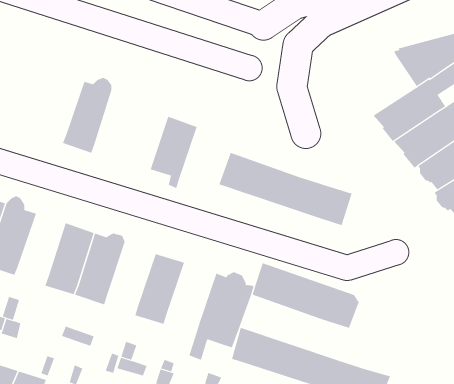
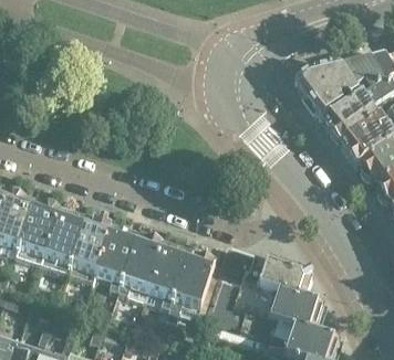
building: none -> [296,66,360,121]
building: [62,77,112,153] -> [14,202,58,267]
building: [150,115,197,189] -> [94,230,135,293]
building: [218,152,352,226] -> [208,275,323,338]
building: none -> [143,247,187,309]

